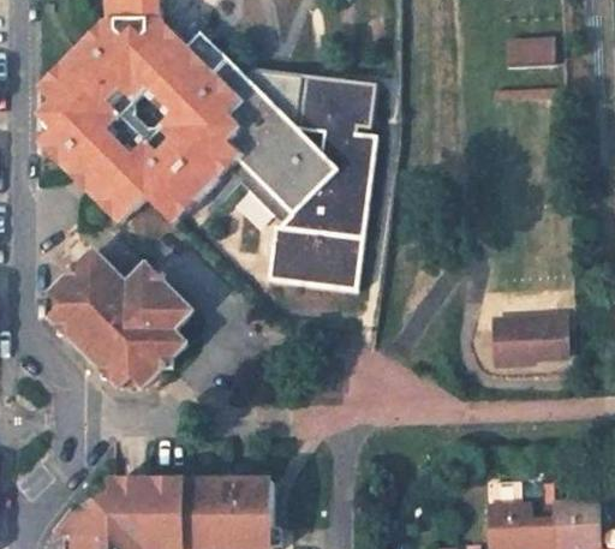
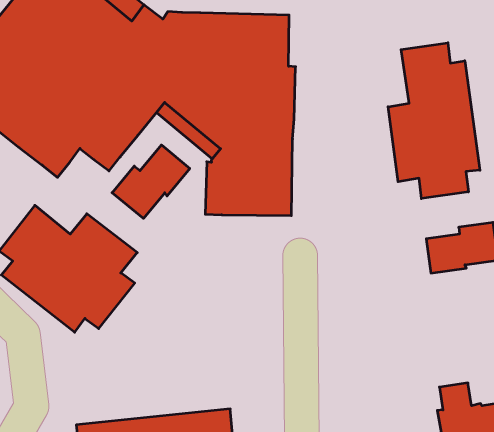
building: none -> [388,43,480,199]
building: none -> [112,145,190,218]

